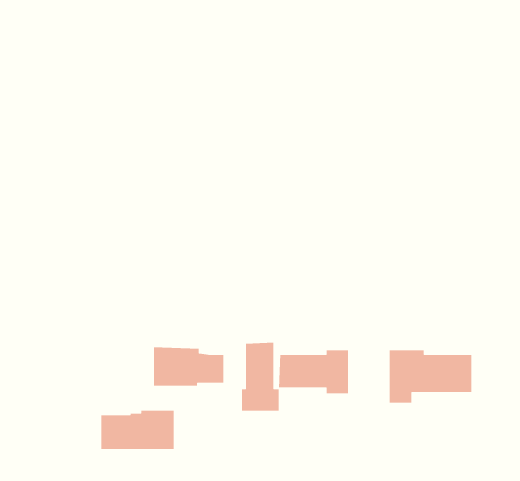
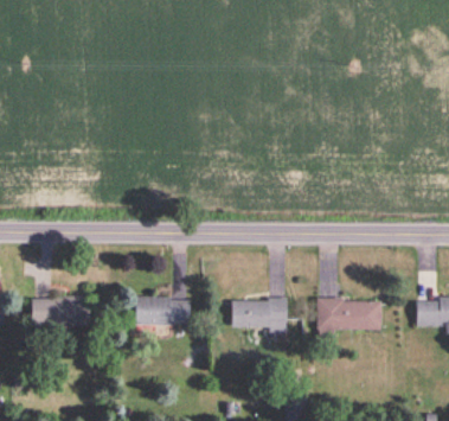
building: [241,342,280,411] -> none
building: [101,410,174,450] -> [32,295,89,326]

